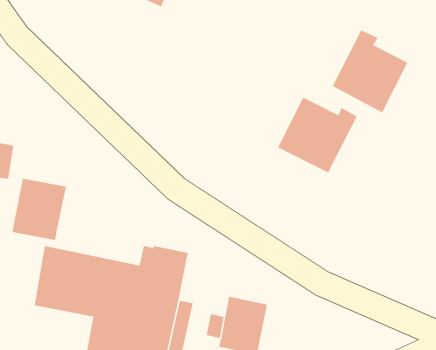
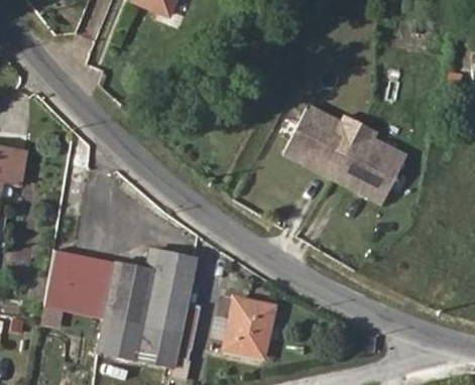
building: [332,30,408,113] -> [333,123,407,205]
building: [12,178,66,241] -> none

